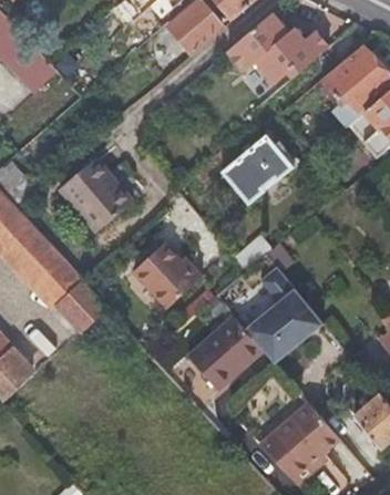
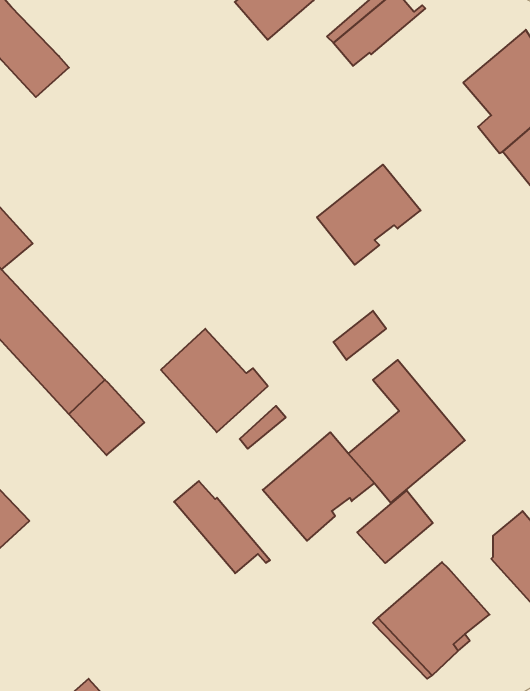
building: [259,31,329,83] -> none
building: [59,158,138,233] -> none
building: none -> [174,481,270,573]
building: none -> [357,491,433,563]

